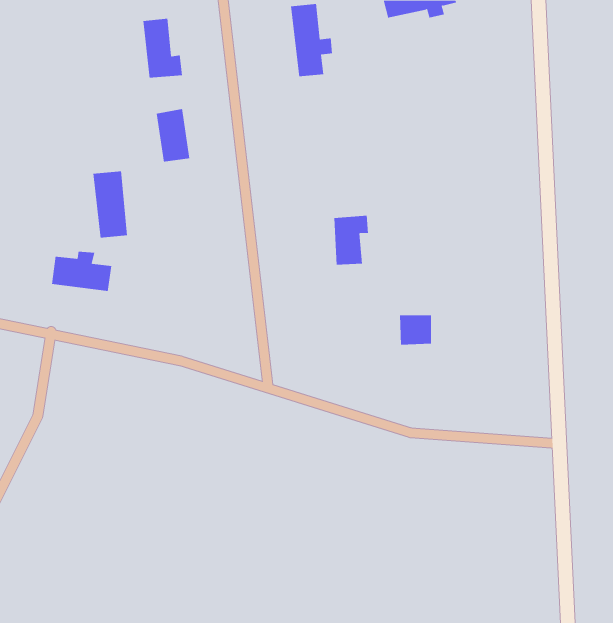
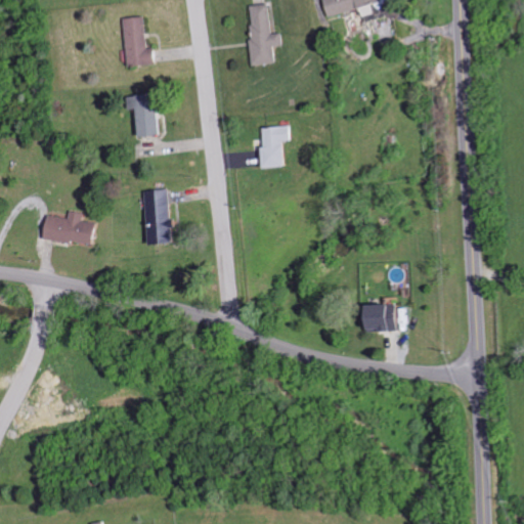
building: [93,171,128,238] -> [141,188,171,245]
building: [333,215,369,265] -> [260,125,290,167]
building: [399,315,432,345] -> [369,304,397,330]

